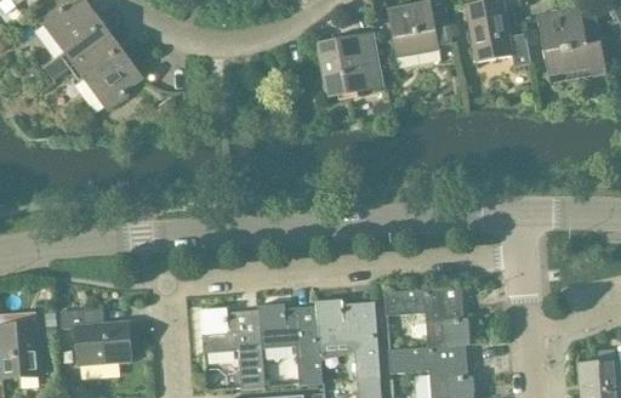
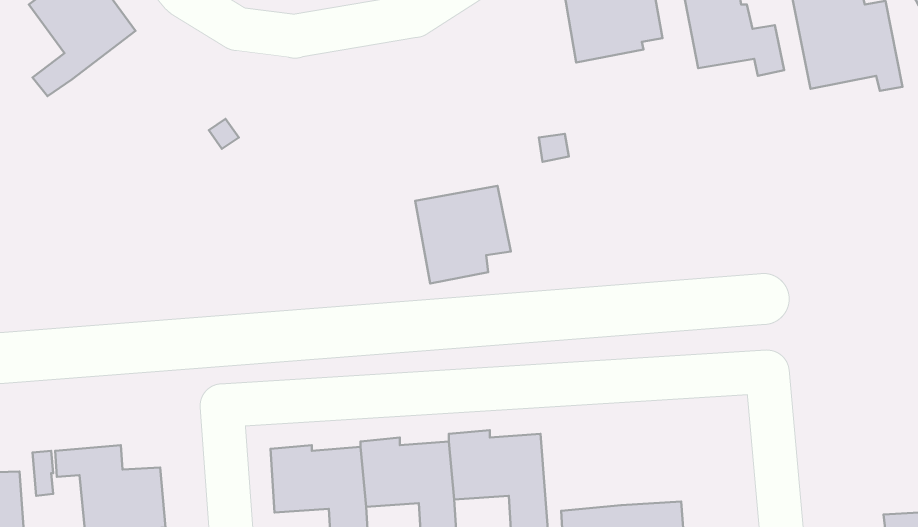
building: [319,35,381,98] -> [415,186,511,283]
building: [70,39,142,110] -> none
building: [382,285,469,346] -> none

